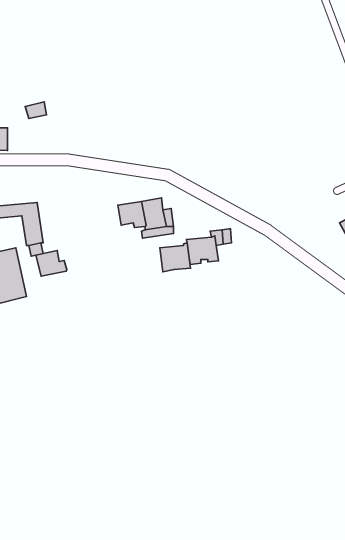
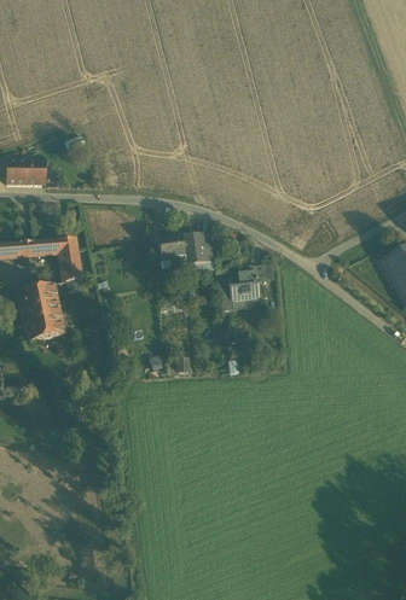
building: [160,243,190,272] -> none
building: [36,251,67,276] -> none

